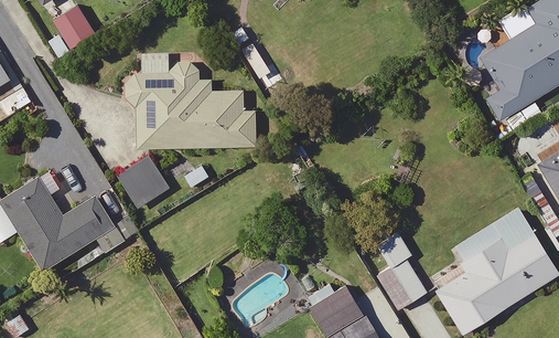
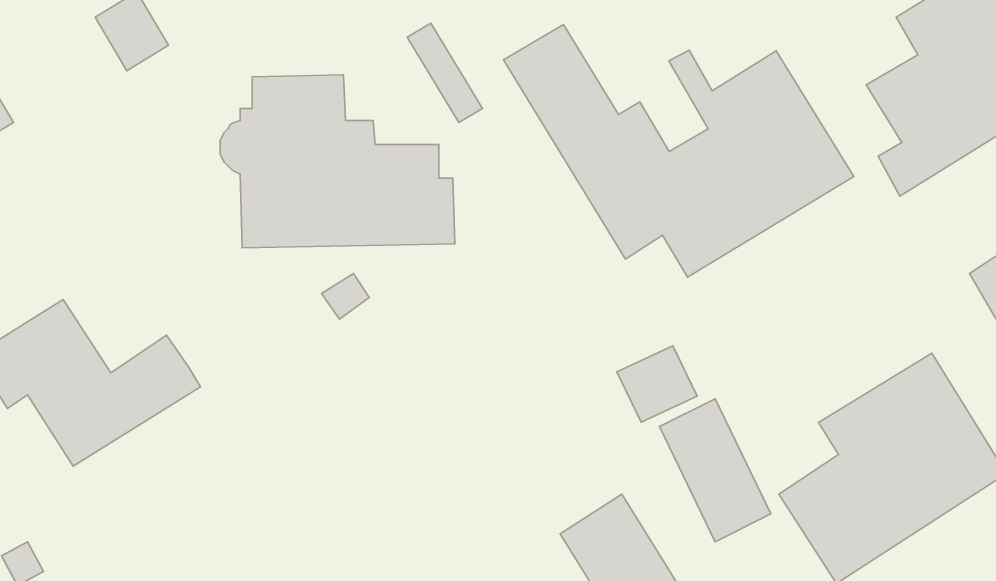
building: none -> [503,25,854,277]
building: [118,160,161,205] -> none
building: none -> [617,346,697,422]

